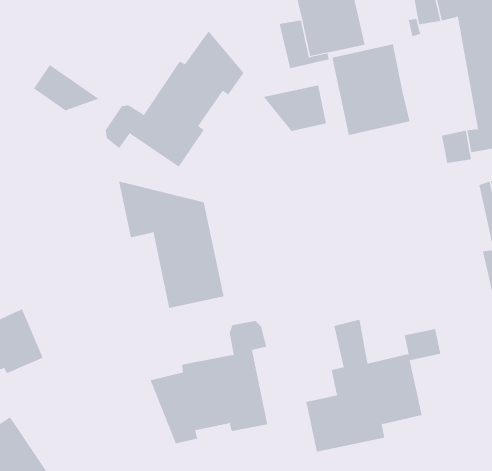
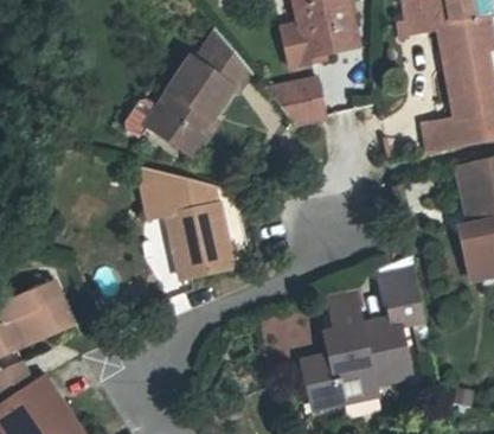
building: [332,43,410,136] -> none
building: [33,64,100,111] -> none
building: none -> [379,266,421,306]
building: [150,320,268,444] -> none

